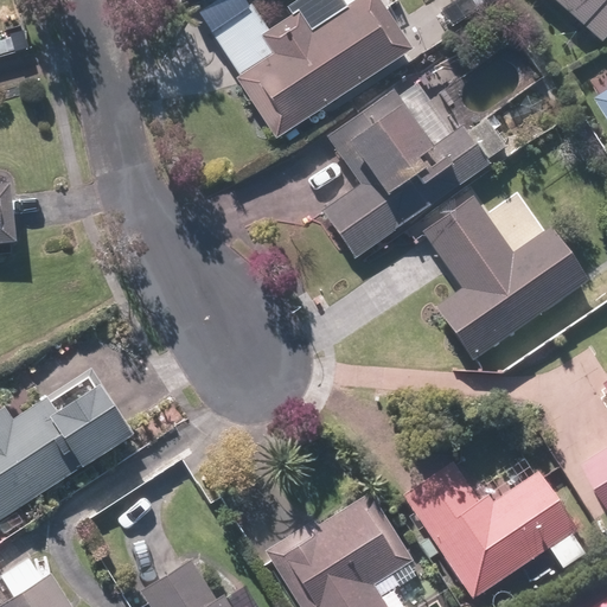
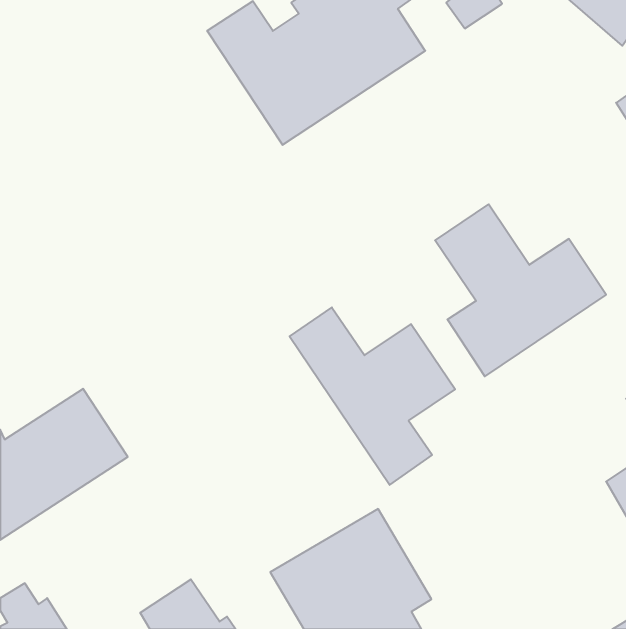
building: [324,77,509,257] -> none
building: none -> [290,307,455,485]
building: [402,455,590,595] -> none

